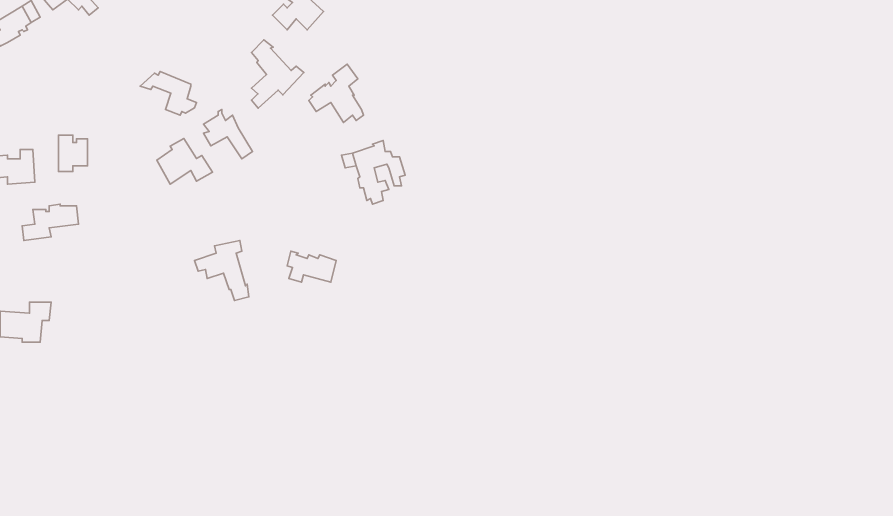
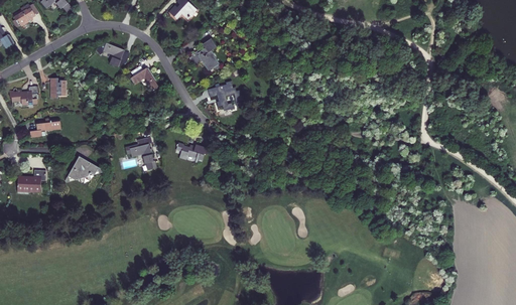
building: [252,40,304,108] -> none
building: [157,139,213,184] -> none
building: none -> [64,155,102,182]

